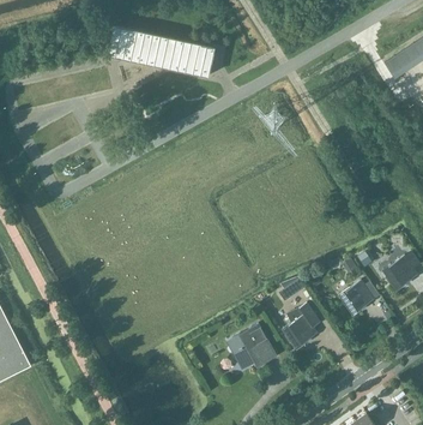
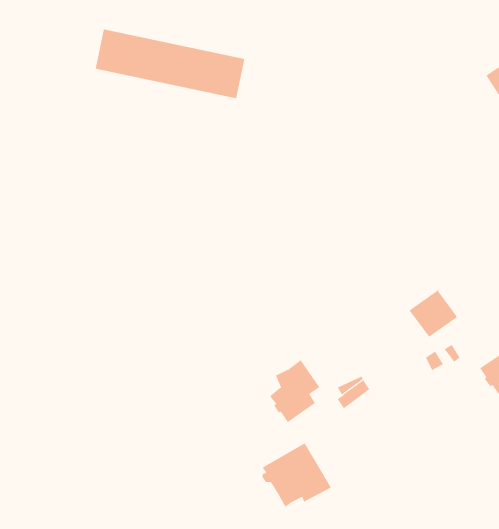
building: [339,280,374,315] -> [409,289,457,338]
building: [283,303,320,348] -> [269,359,320,422]

